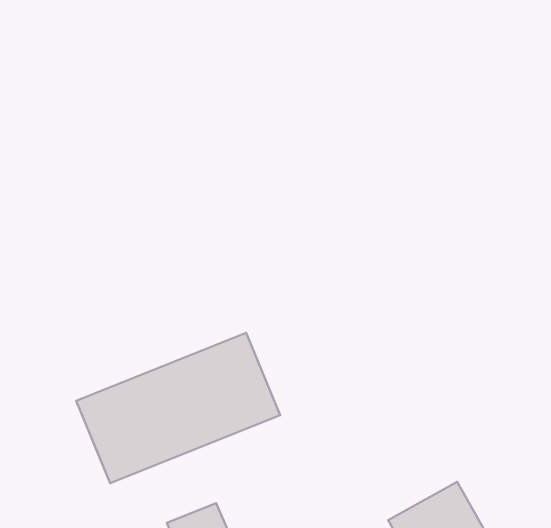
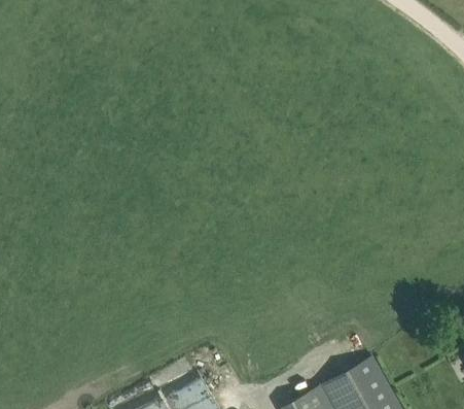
building: [76,333,280,483] -> none

